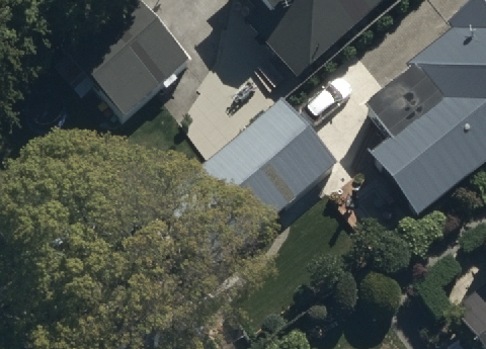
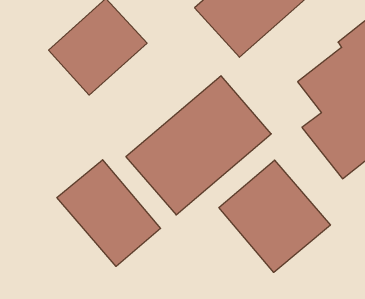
building: none -> [57,160,161,266]
building: none -> [219,160,330,272]

